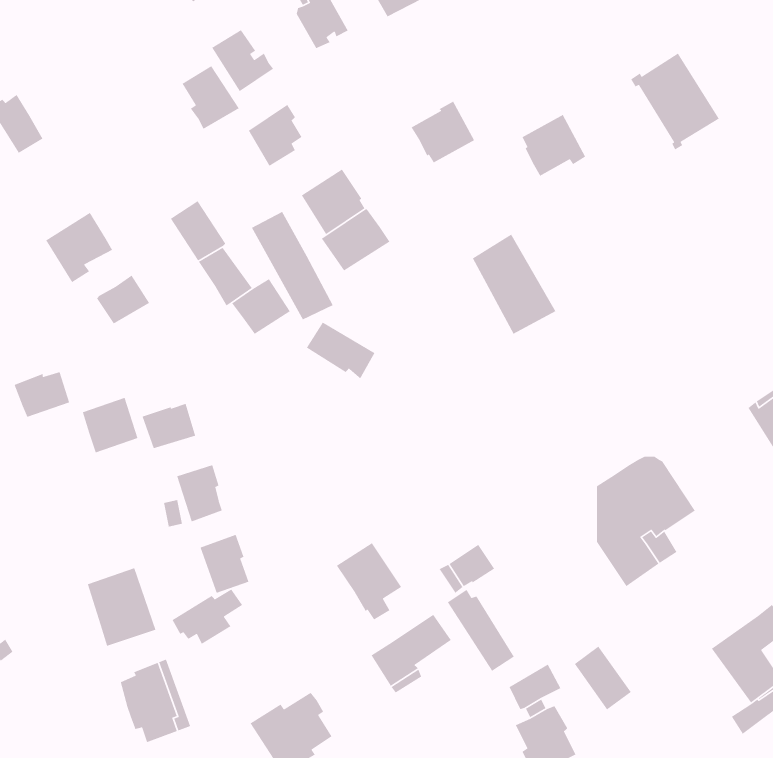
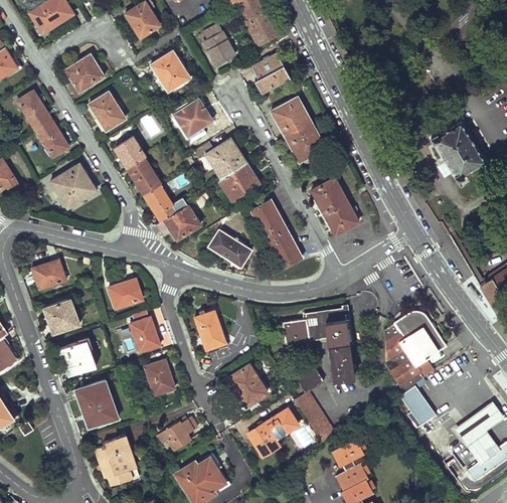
building: none -> [252,53,290,94]
building: none -> [69,54,105,91]
building: [630,53,720,150] -> [431,121,485,180]
building: [182,65,240,130] -> [91,93,126,132]
building: [522,114,586,177] -> [287,121,326,159]
building: none -> [35,120,66,156]
building: none -> [115,138,146,168]
building: [251,211,334,320] -> [251,200,302,267]
building: [96,275,150,324] -> none
building: [82,397,138,453] -> [45,299,79,333]
building: none -> [281,308,355,378]
building: none -> [195,310,228,349]
building: none -> [60,339,97,374]
building: [172,588,243,645] -> [155,418,198,453]
building: [574,646,632,710] -> [400,385,436,425]

